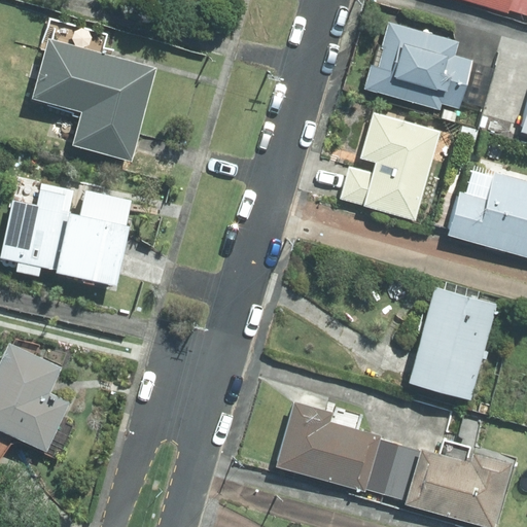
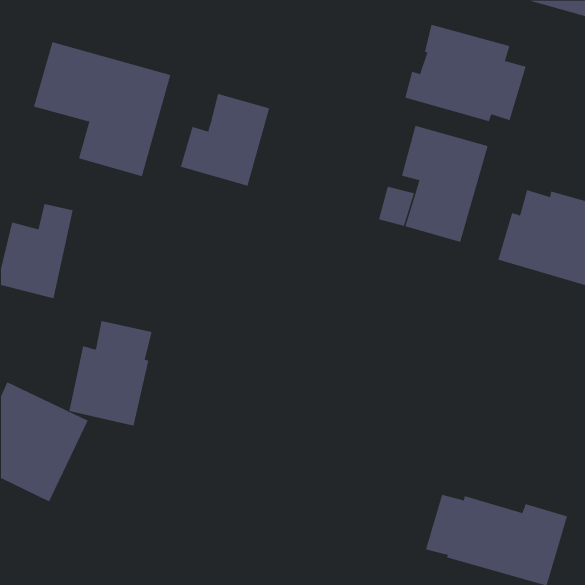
building: none -> [180,93,270,186]
building: [56,190,131,285] -> [69,320,153,426]
building: [406,285,495,397] -> none
building: [273,399,397,494] -> none

